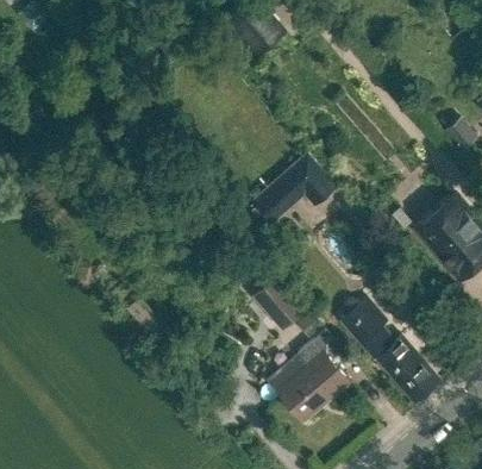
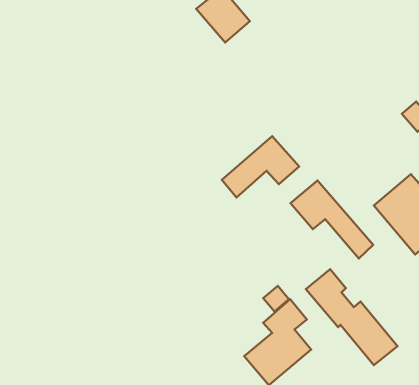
building: none -> [291,181,373,259]
building: [253,279,302,330] -> none

